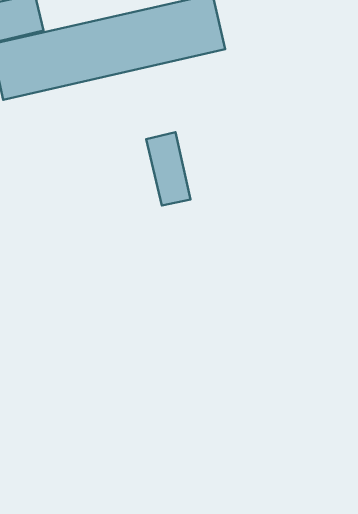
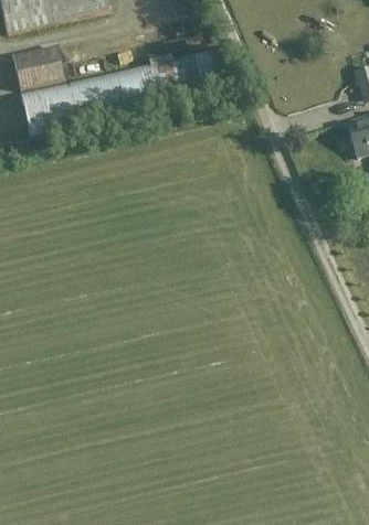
building: [146,132,190,206] -> none

